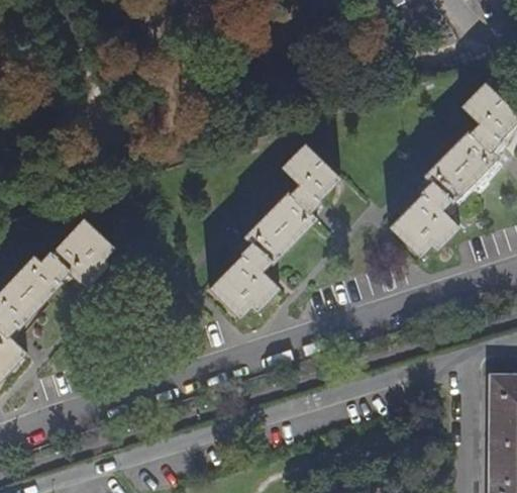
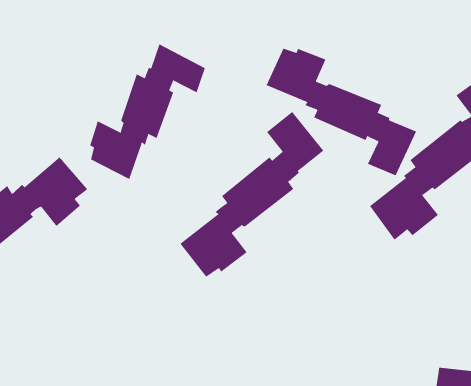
building: none -> [266,48,417,176]
building: none -> [89,43,206,180]

